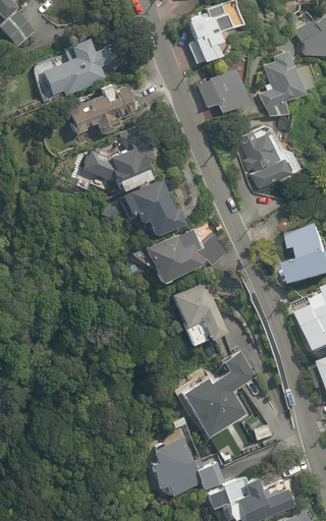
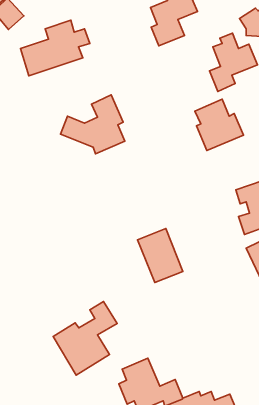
building: [193,67,246,113] -> none
building: [66,82,139,133] -> none
building: [120,176,181,236] -> none
building: [144,221,225,283] -> none
building: [178,351,255,439] -> [53,301,117,375]

